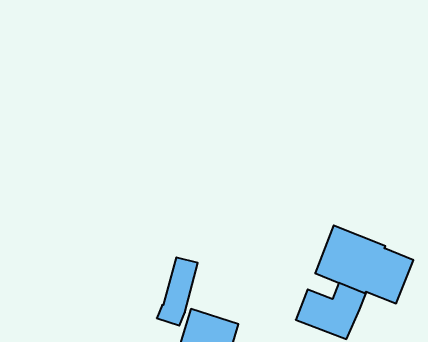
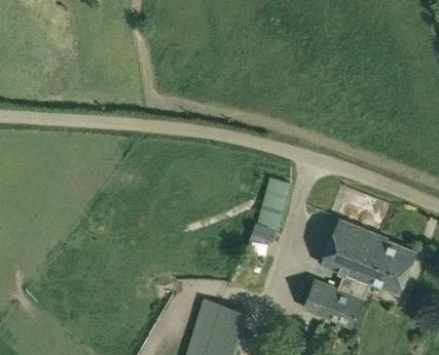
building: [157,257,198,326] -> [250,179,289,243]

